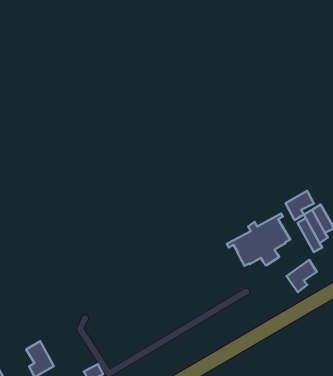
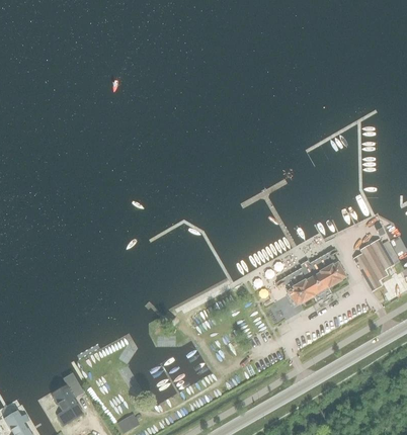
building: [285,191,314,220] -> none
building: [287,260,317,292] -> none

